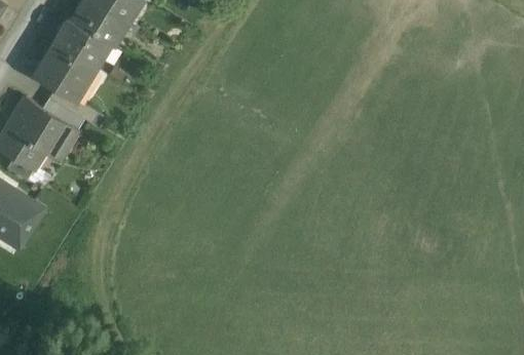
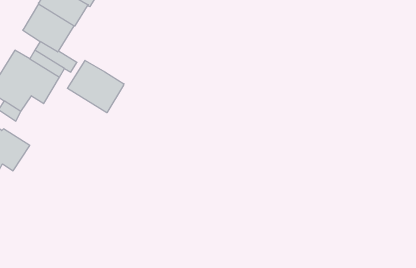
building: none -> [67,60,124,113]

